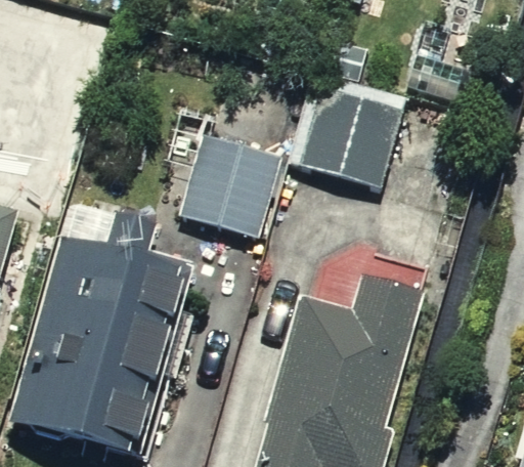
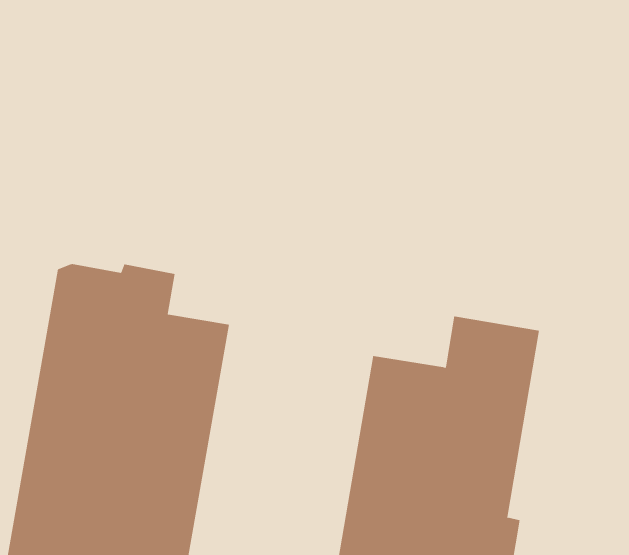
building: [289,74,406,189] -> none
building: [178,135,281,239] -> none

